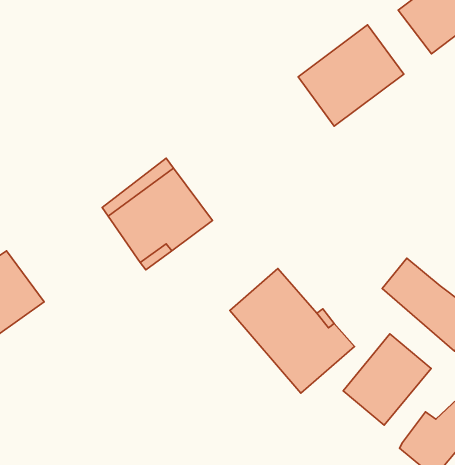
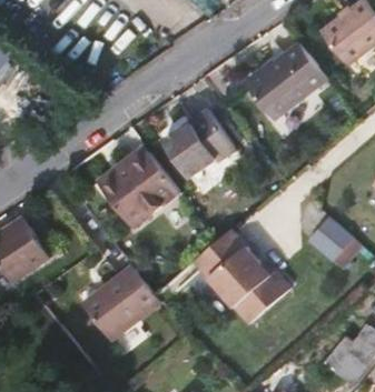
building: none -> [161,109,235,178]
building: none -> [82,265,160,341]
building: [343,334,431,425] -> none

